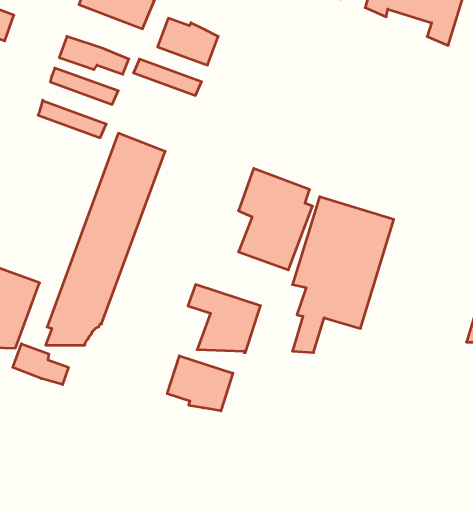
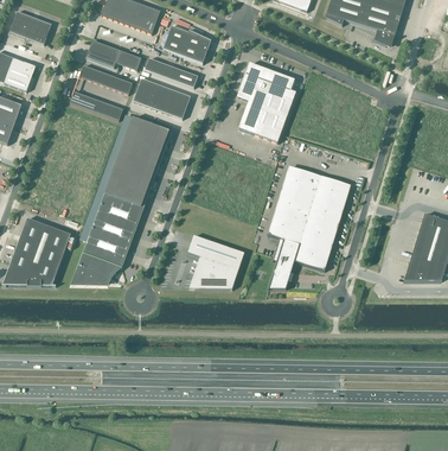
building: none -> [133,78,191,119]
building: [238,168,313,270] -> [239,55,297,134]
building: [13,344,68,385] -> none
building: [167,356,233,411] -> none

